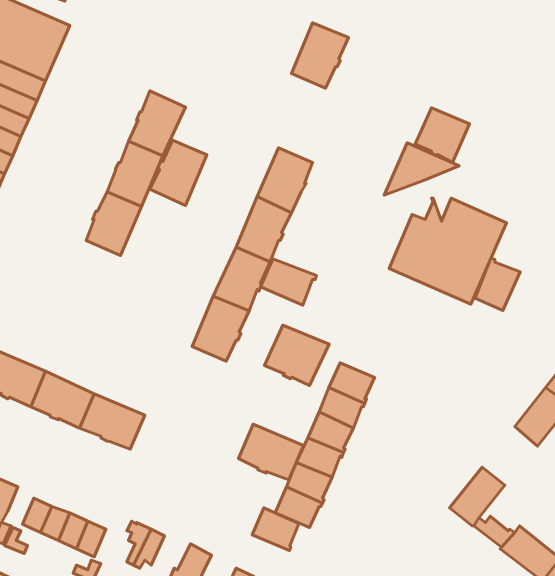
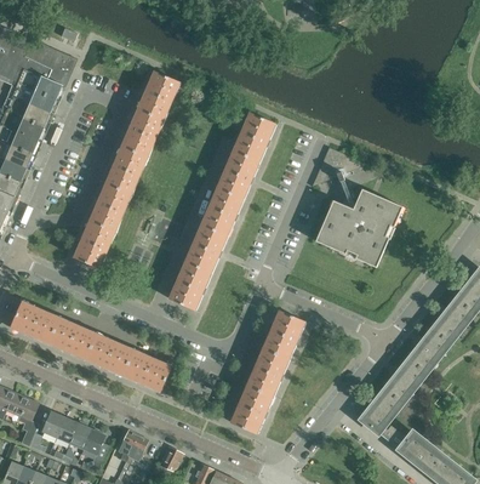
building: [291,23,348,88] -> [233,113,275,161]
building: [415,108,470,163] -> none
building: [150,140,207,205] -> [137,72,179,120]
building: none -> [73,220,115,268]
building: [475,258,520,311] -> none
building: [261,259,317,305] -> none
building: [265,325,329,386] -> none
building: [238,424,304,480] -> [122,349,171,391]
building: none -> [384,358,425,402]
building: [252,508,299,551] -> none

